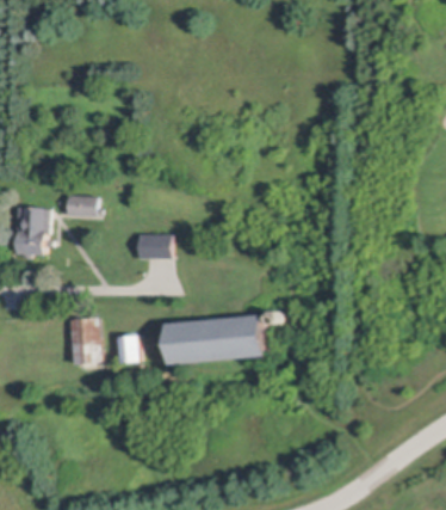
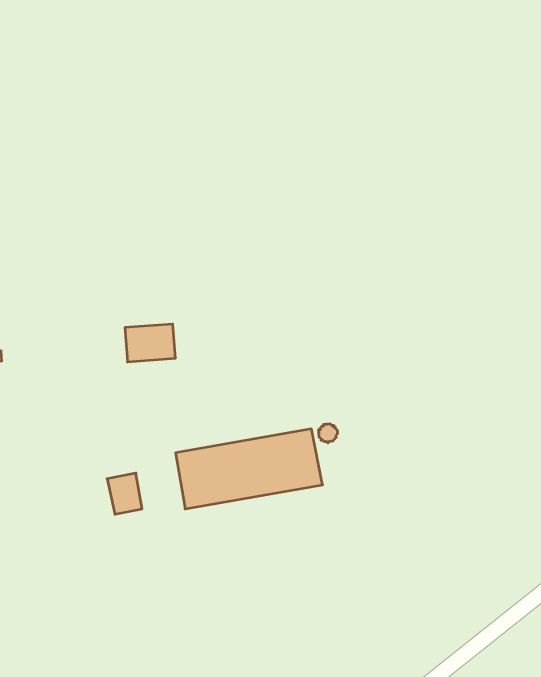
building: [64,196,94,215] -> none
building: [69,319,101,363] -> none

